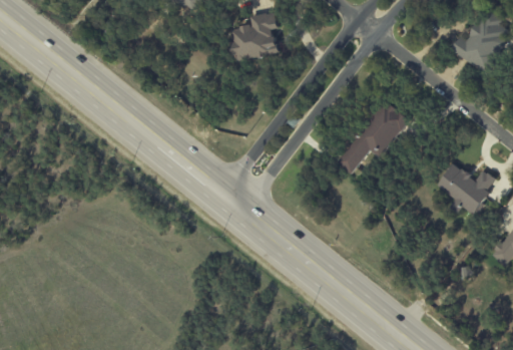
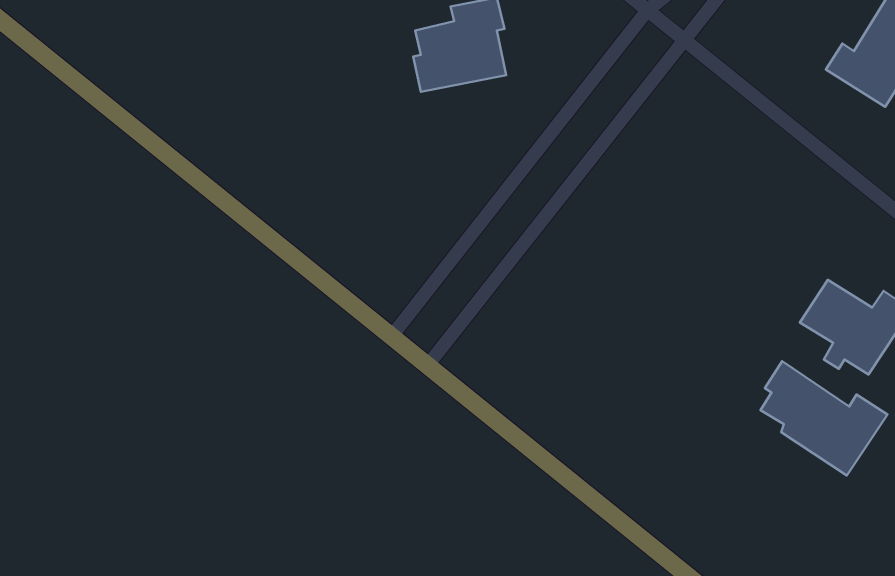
building: [338,98,409,173] -> none
building: none -> [760,361,888,475]

